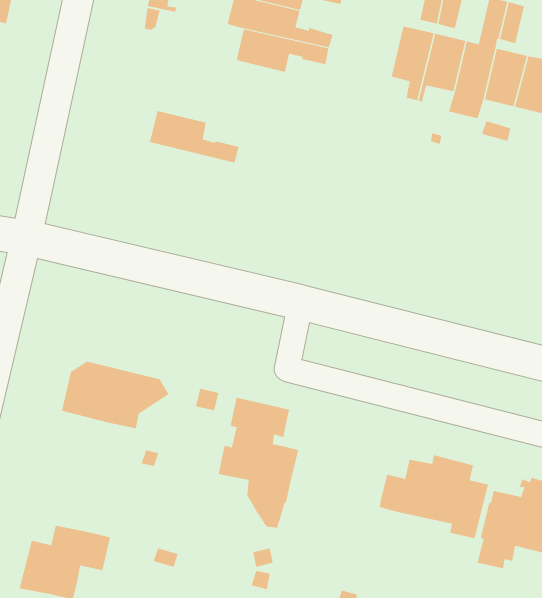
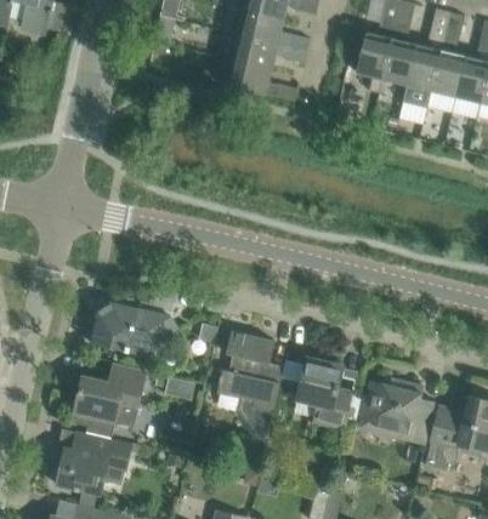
building: [149,111,240,163] -> [225,59,297,102]
building: none -> [296,358,353,432]
building: none -> [73,364,144,437]

